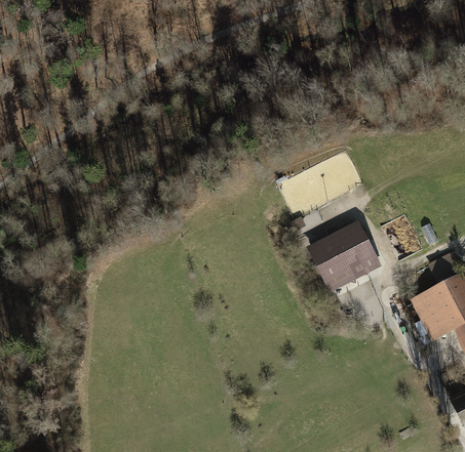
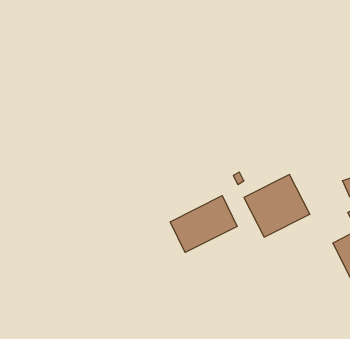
building: none -> [170,196,237,252]

